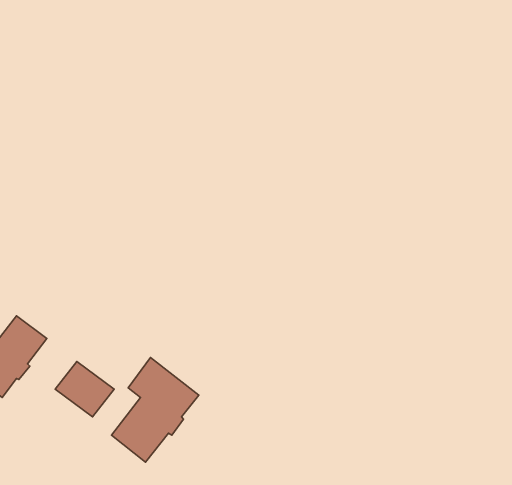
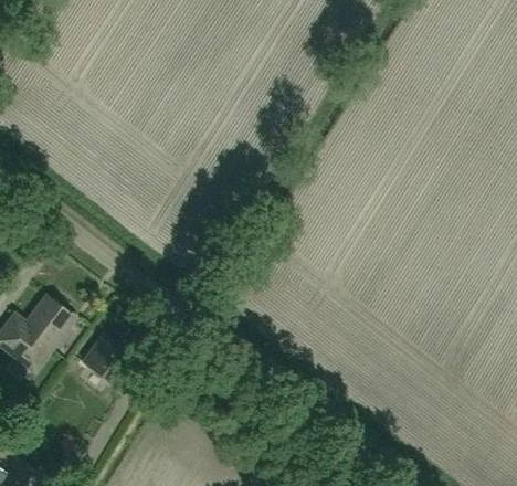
building: [111,357,199,462] -> none

